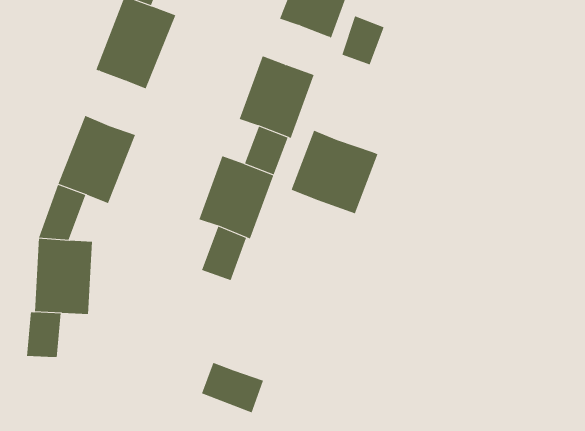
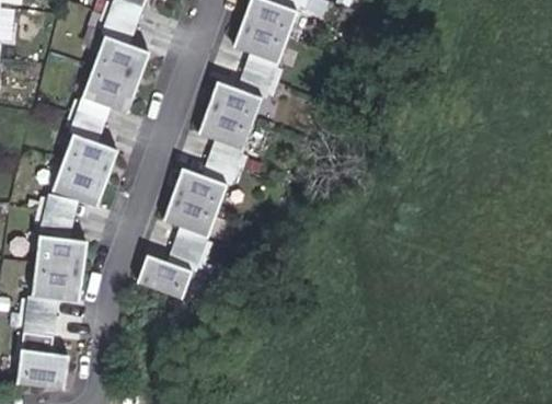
building: [342,16,385,65] -> [241,57,277,99]
building: none -> [69,95,107,141]
building: [291,130,378,214] -> none
building: none -> [21,335,62,385]
building: [201,362,264,413] -> [142,256,195,299]

